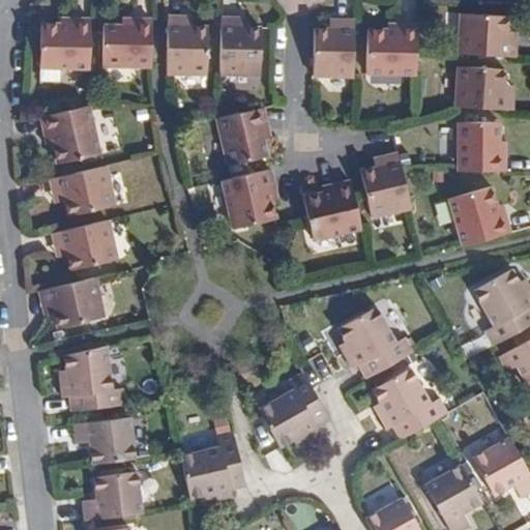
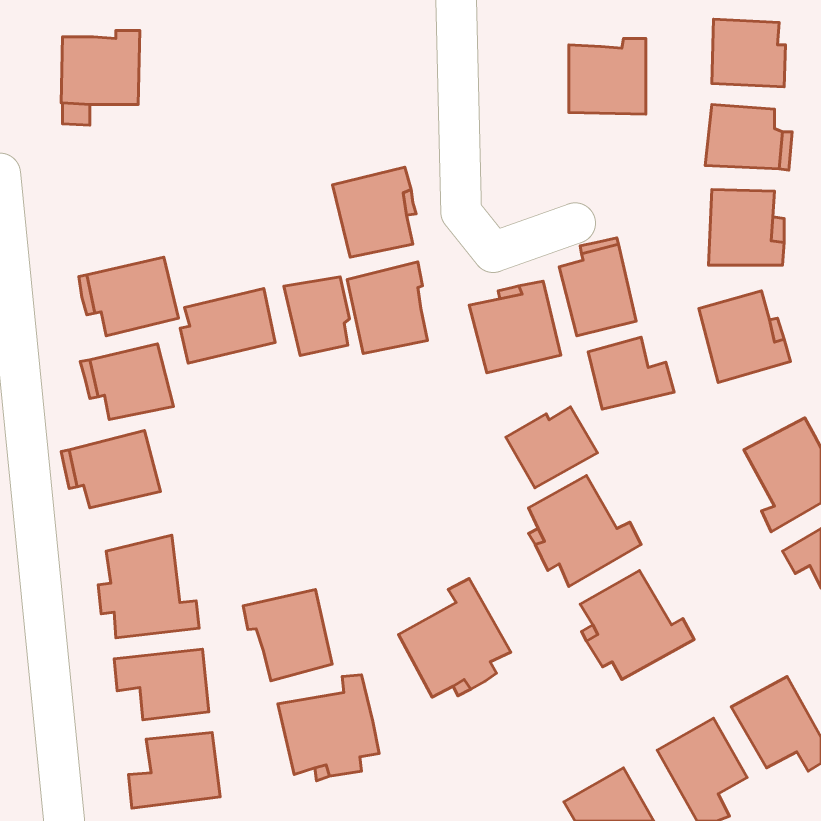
building: [102,20,151,69] -> none
building: [166,22,207,73] -> none
building: [219,22,262,72] -> none
building: [313,24,354,76] -> none
building: [40,106,99,164] -> none
building: none -> [284,277,350,355]
building: none -> [180,288,275,363]
building: none -> [588,337,674,409]
building: none -> [506,407,597,488]
building: none -> [243,590,332,681]

